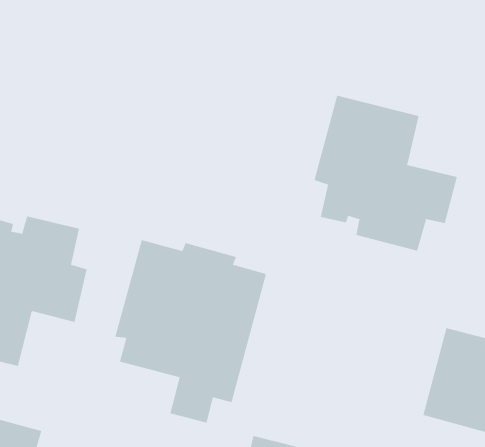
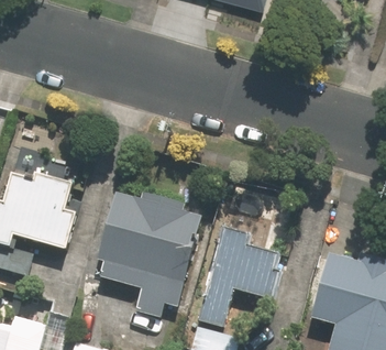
building: [314,95,457,251] -> none
building: none -> [195,228,279,332]

